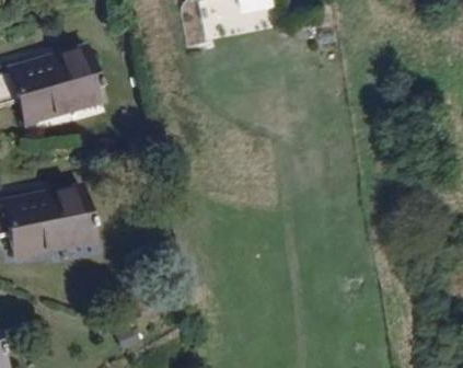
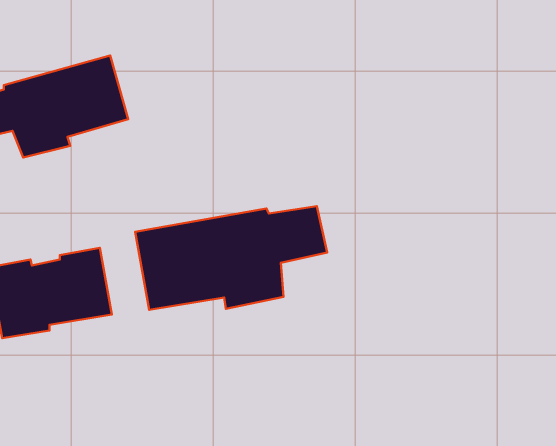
building: none -> [135,206,327,310]

